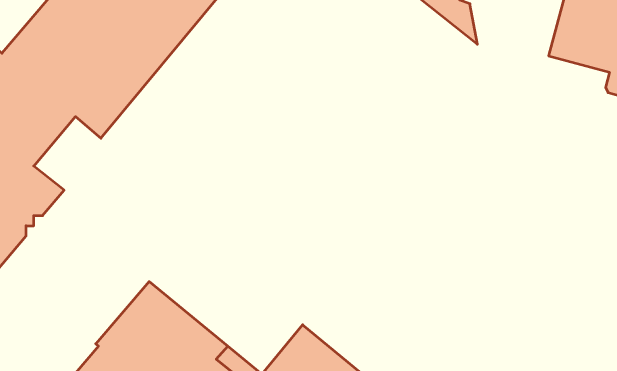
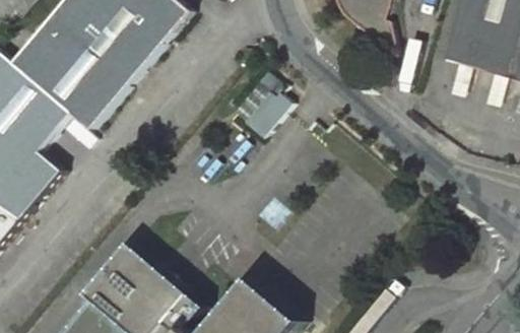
building: none -> [241,89,288,138]

